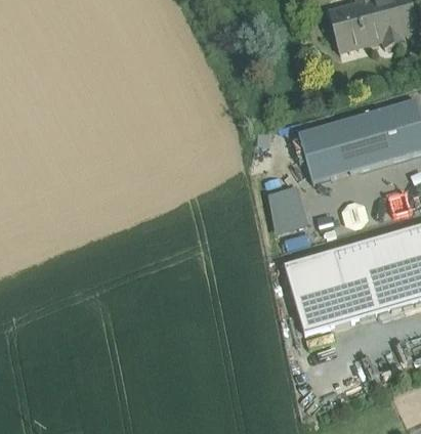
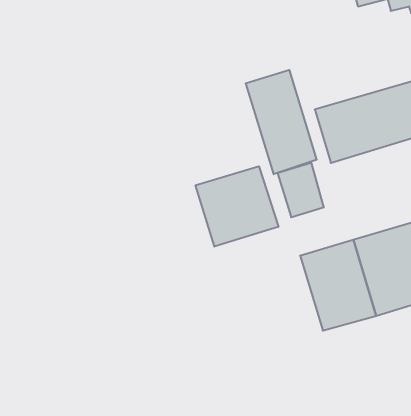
building: none -> [246,70,317,174]
building: none -> [196,166,278,247]

